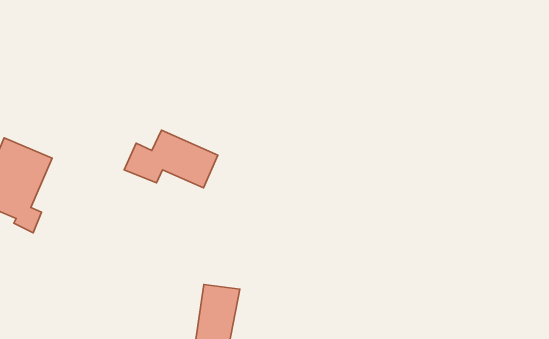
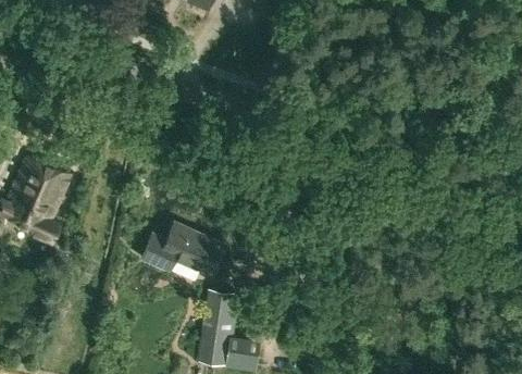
building: [124,130,218,188] -> [142,223,227,275]

